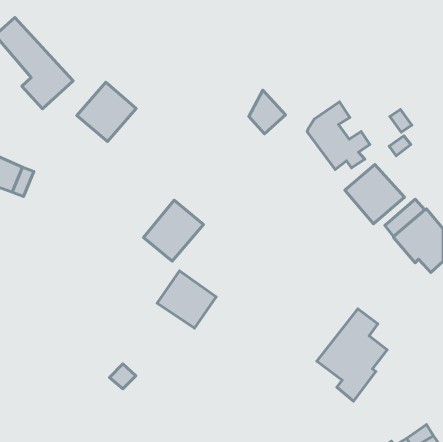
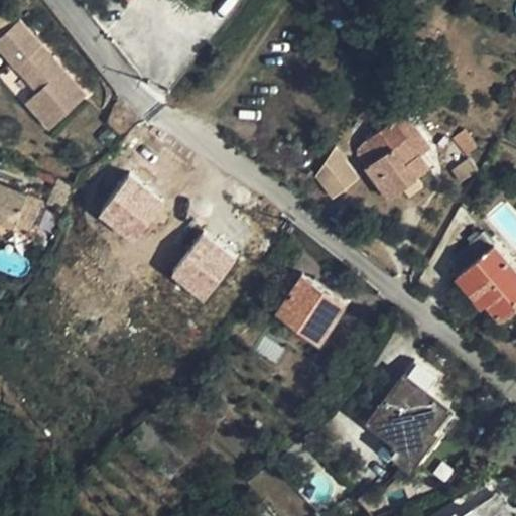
building: [77,82,136,141] -> [96,177,164,246]
building: [249,90,285,134] -> [315,150,358,201]
building: [345,164,404,224] -> none
building: [157,271,216,328] -> [275,274,344,341]

